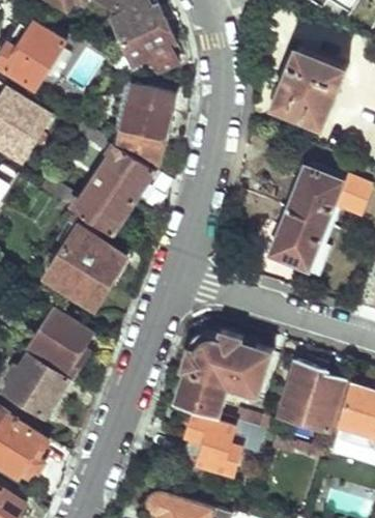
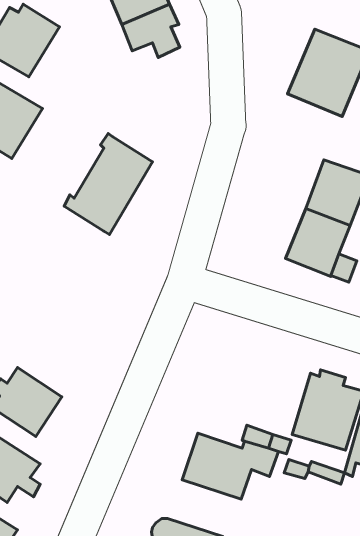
building: [113,86,170,168] -> none
building: [48,208,123,311] -> none
building: [30,311,90,377] -> none
building: [173,325,271,418] -> none

